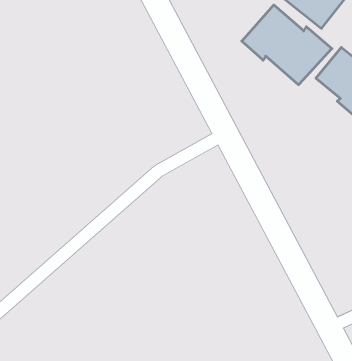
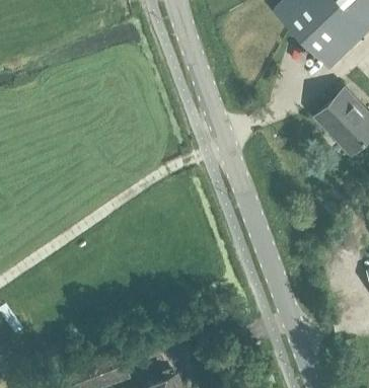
building: [242,5,332,85] -> none

